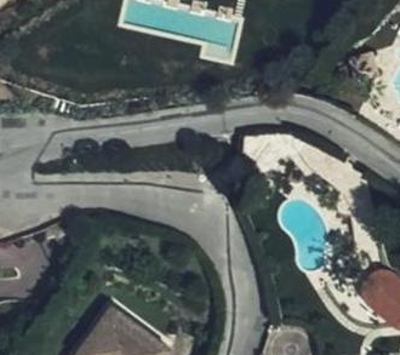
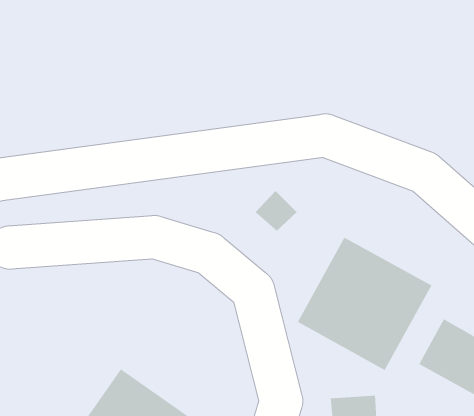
building: none -> [297,237,432,371]

